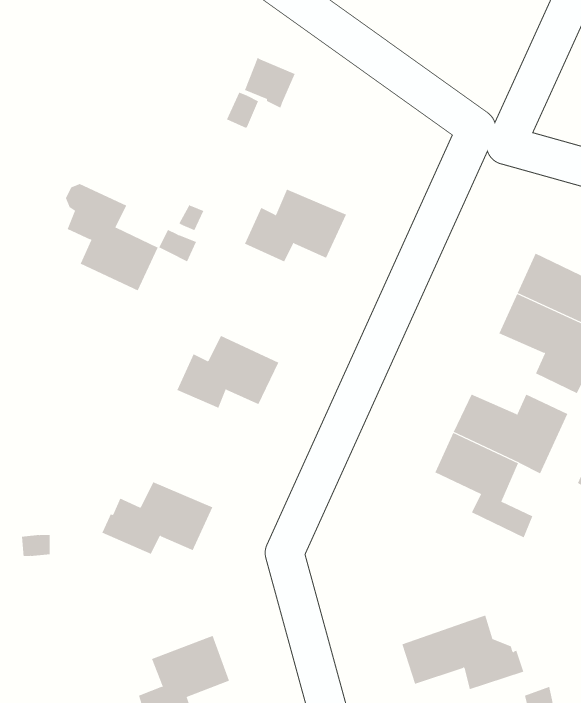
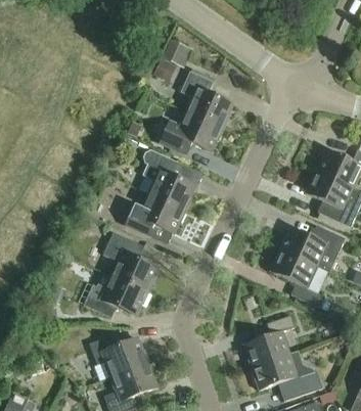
building: none -> [181,72,232,127]
building: [65,183,158,291] -> [142,149,194,210]
building: none -> [103,232,156,290]
building: none -> [243,315,295,367]
building: none -> [89,334,146,375]

